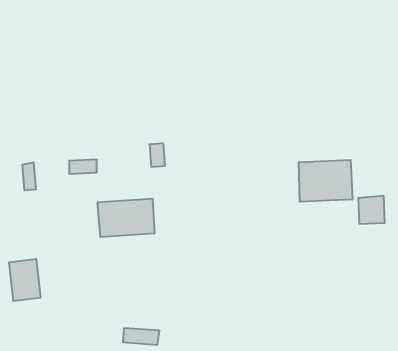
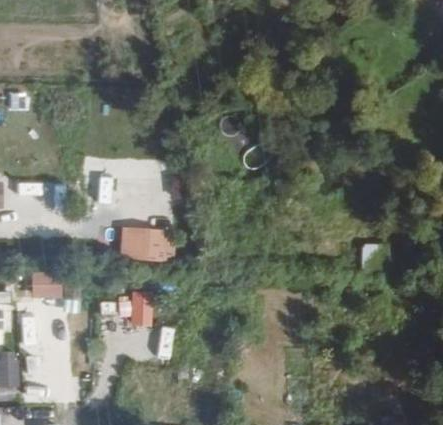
building: [299,160,353,202] -> none
building: none -> [130,291,153,327]

